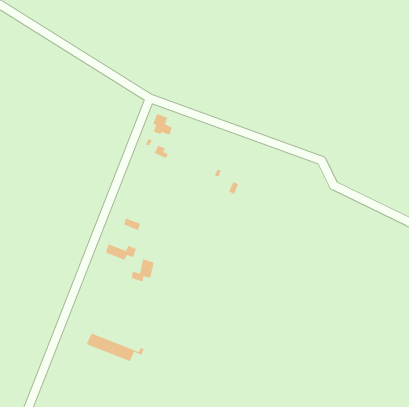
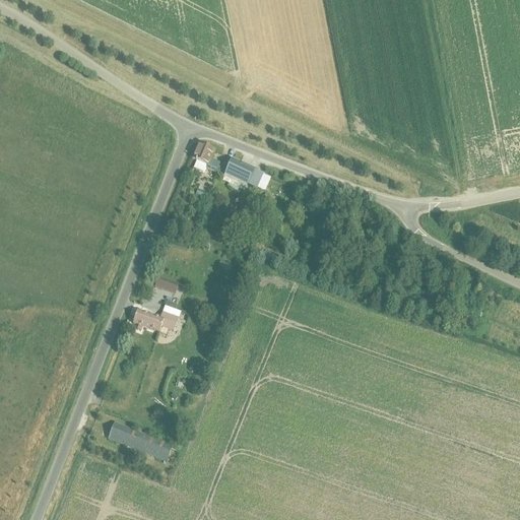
building: none -> [224,157,262,188]
building: [131,258,155,282] -> none

